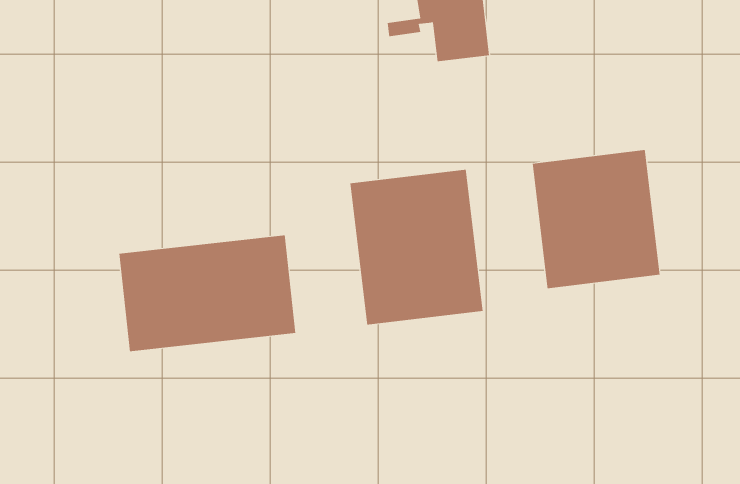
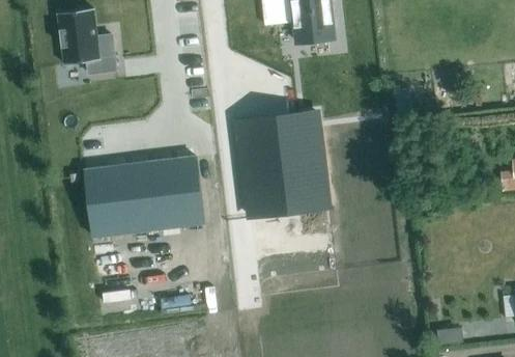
building: none -> [56,10,114,76]
building: [532,149,660,289] -> none

